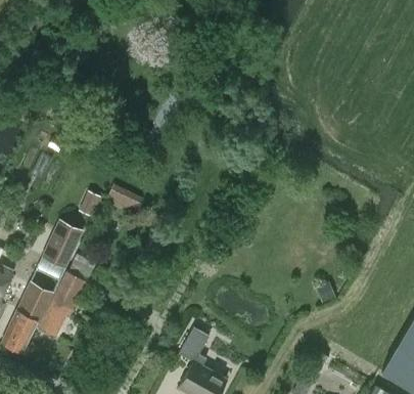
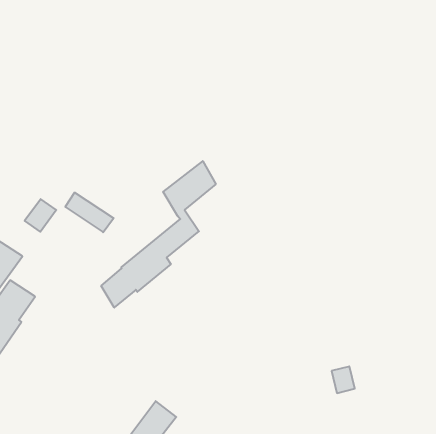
building: none -> [101,161,216,308]

